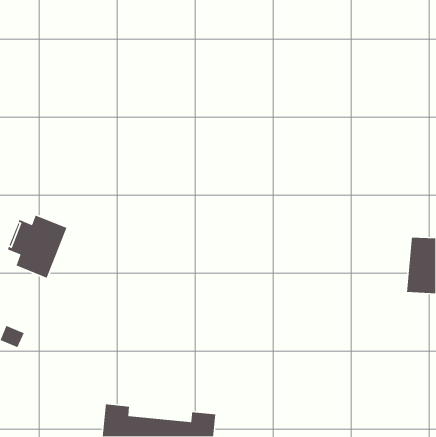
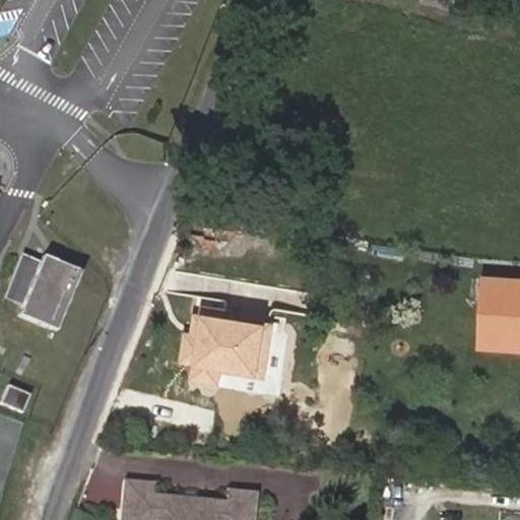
building: none -> [183,311,273,383]

